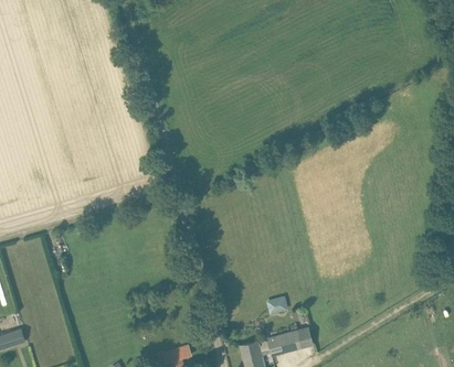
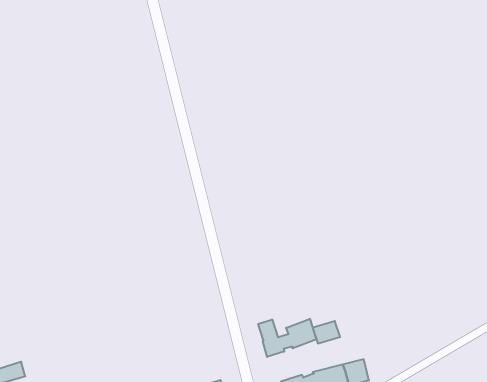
building: none -> [258,319,316,357]

